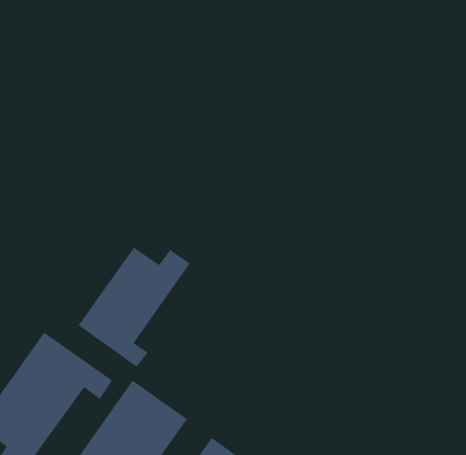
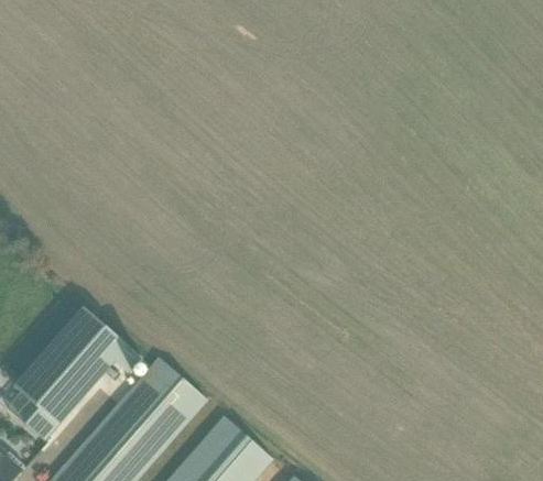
building: [78,247,191,368] -> none

